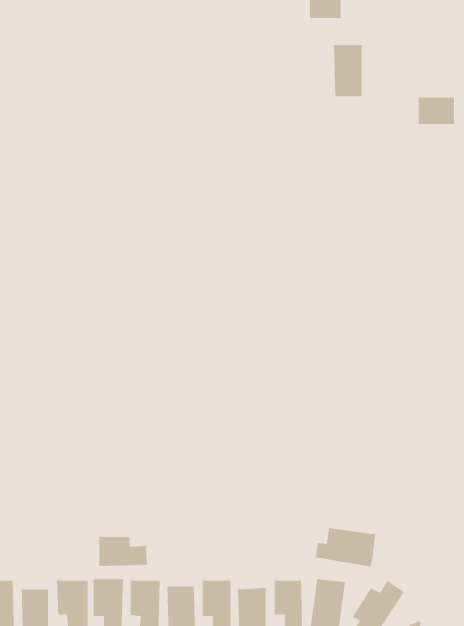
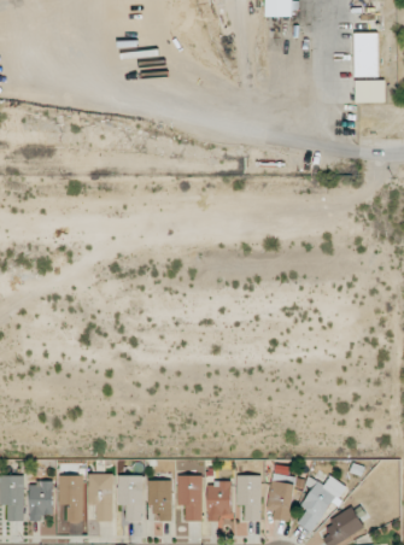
building: [333,44,363,97] -> [353,34,377,77]
building: [315,527,376,567] -> none
building: [99,536,148,567] -> none

